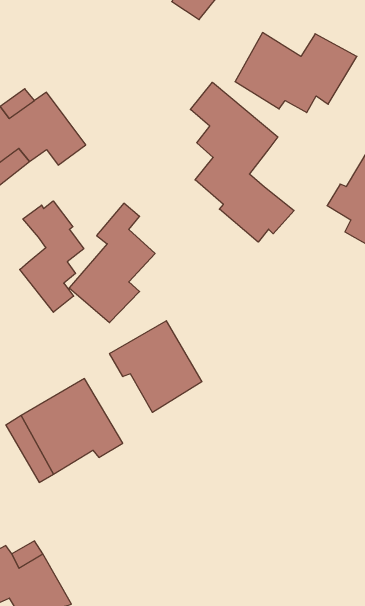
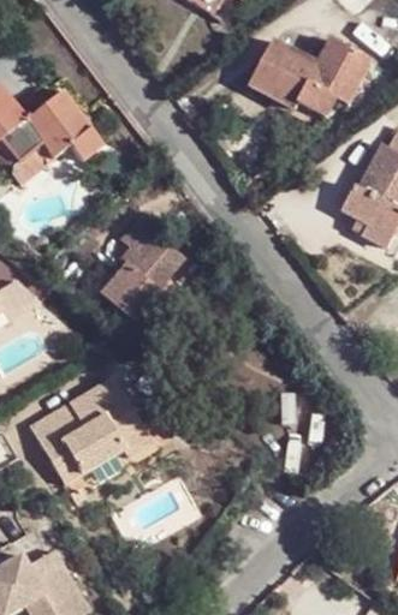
building: [190,82,294,242] -> none
building: [20,201,84,312] -> none
building: [110,321,202,412] -> none

